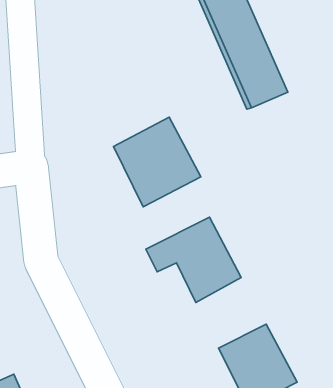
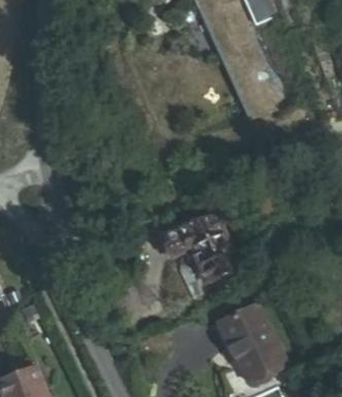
building: [113,117,201,207] -> none

